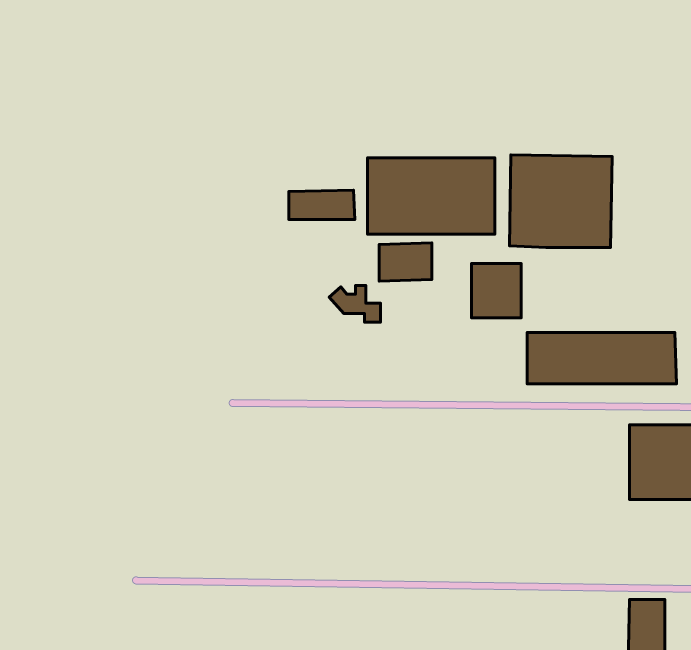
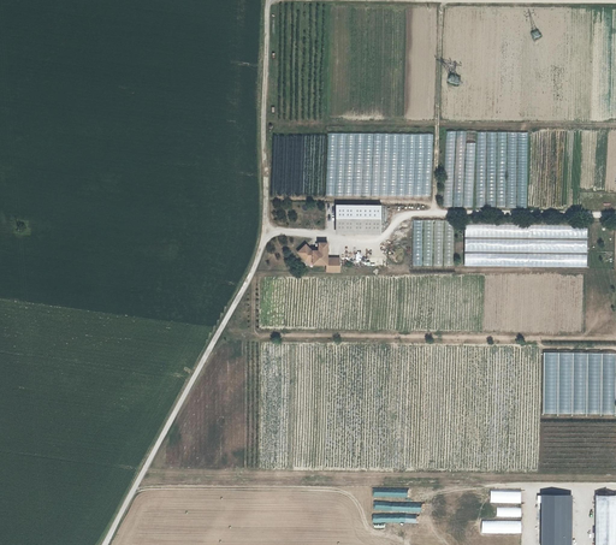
building: [289,190,355,219] -> none
building: [527,332,676,384] -> [464,224,587,266]

